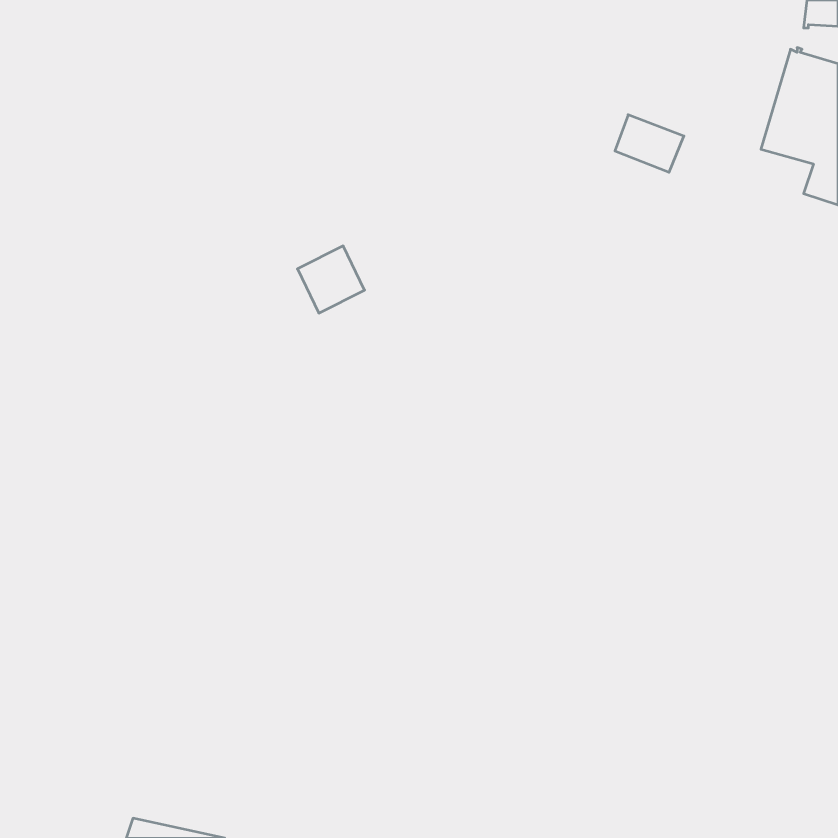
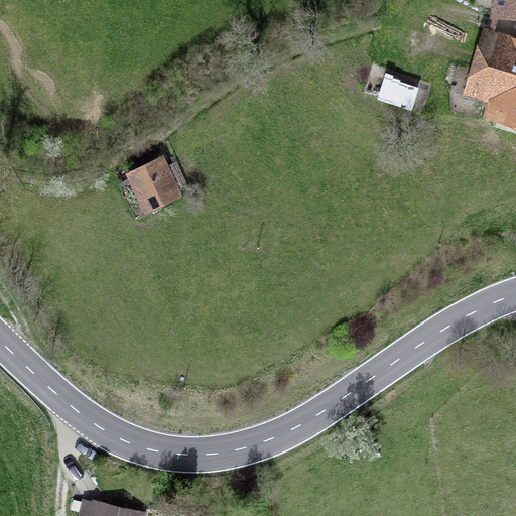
building: [297,246,365,313] -> [132,161,173,203]

